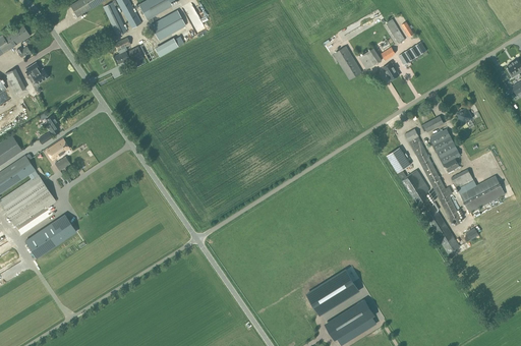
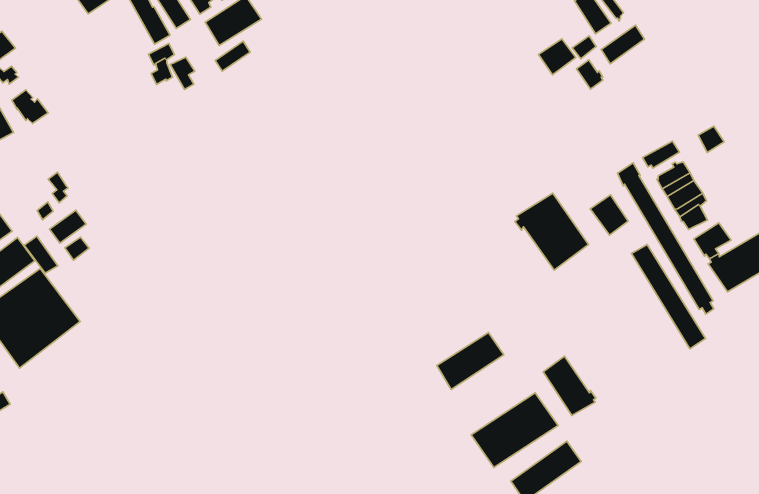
building: [334,45,362,79] -> none
building: none -> [515,193,589,270]
building: [25,214,76,256] -> none
building: none -> [437,333,504,389]
building: none -> [543,356,596,415]

